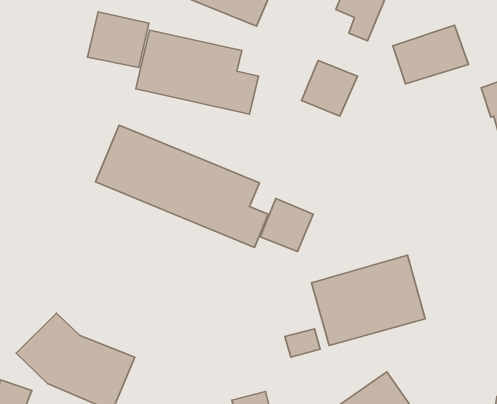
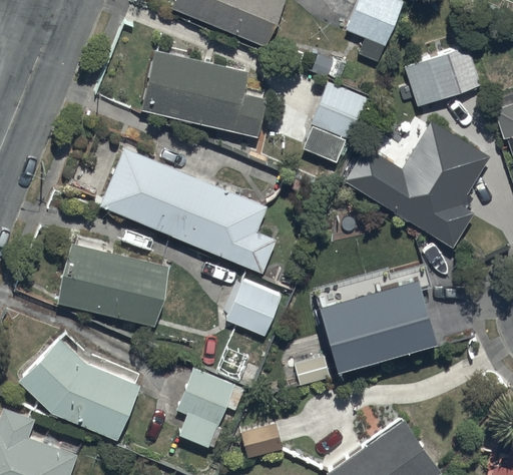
building: [87,12,149,67] -> none
building: none -> [345,121,490,249]
building: [260,199,313,251] -> [226,282,281,336]
building: none -> [58,245,169,327]
building: none -> [176,369,234,427]

